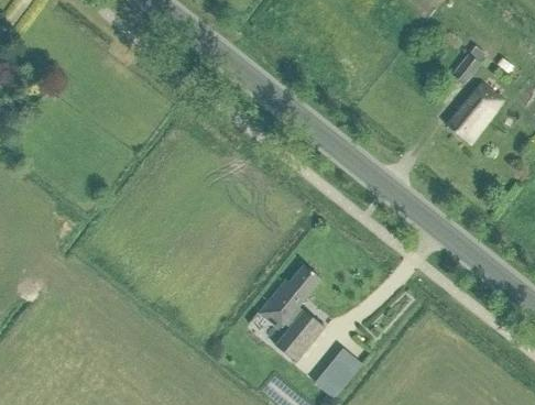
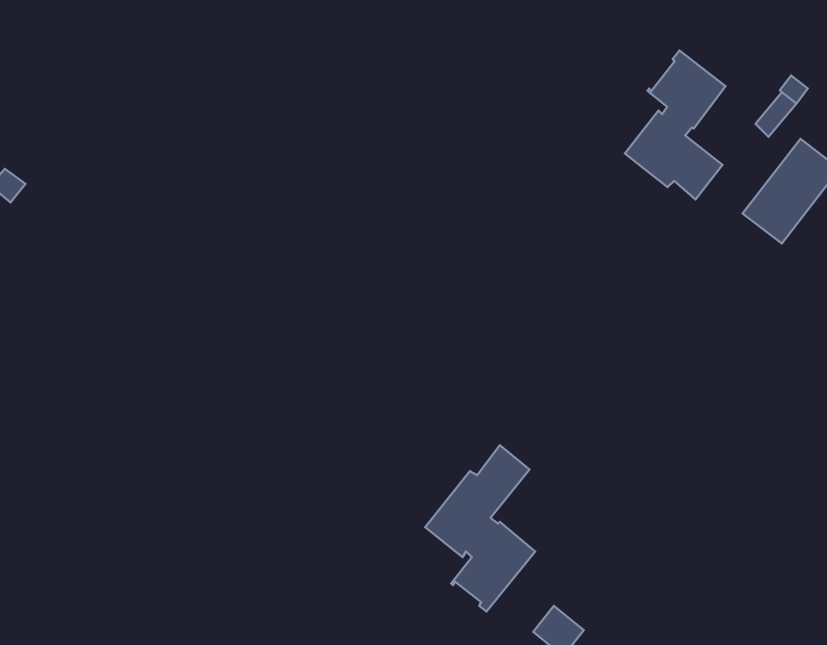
building: none -> [625,50,726,199]

